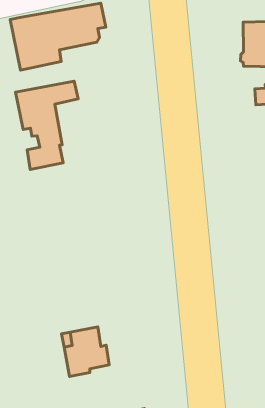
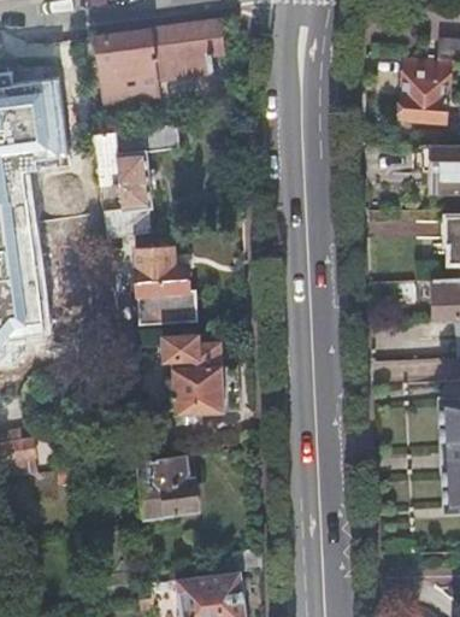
building: none -> [135,248,196,325]
building: none -> [161,336,238,416]

